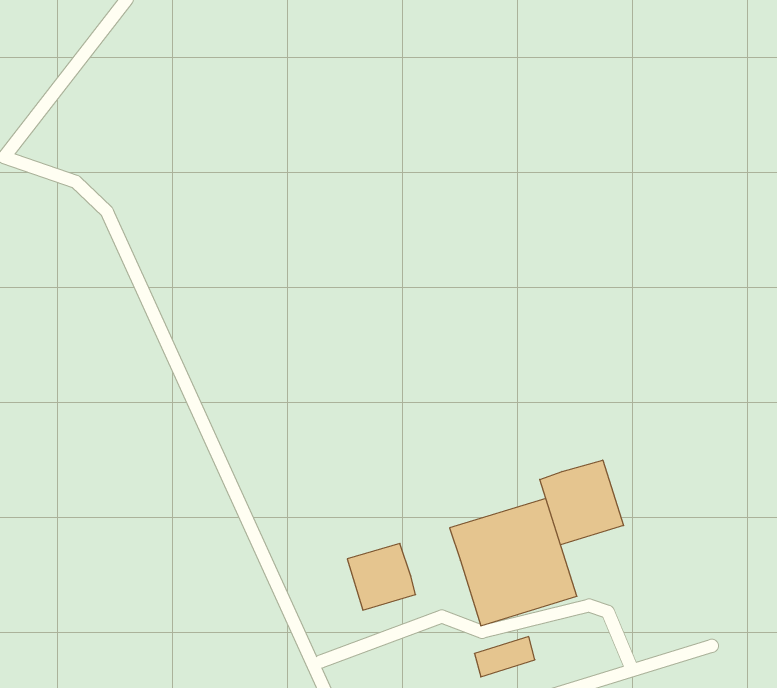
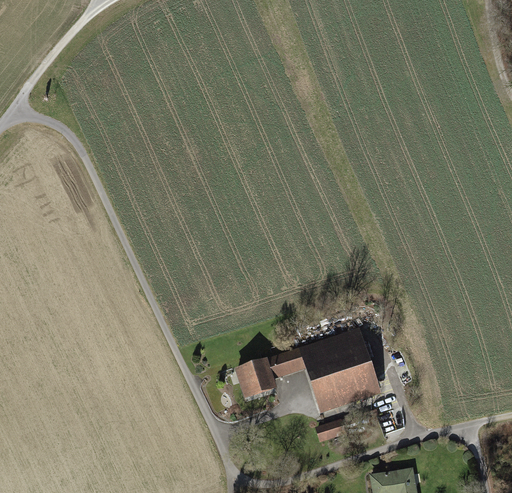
building: [540,460,624,545] -> none
building: none -> [266,347,305,378]

